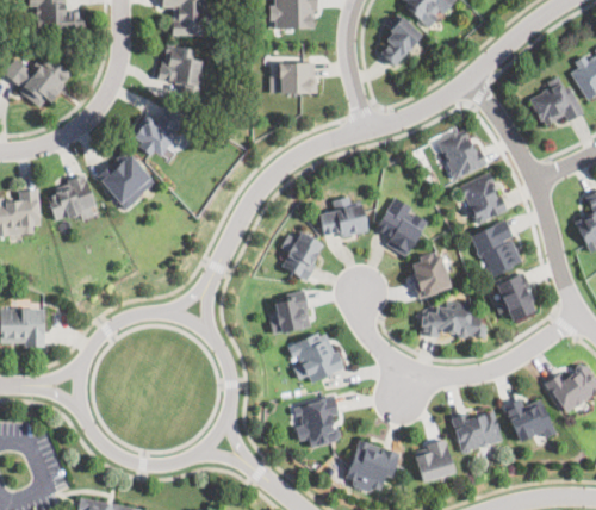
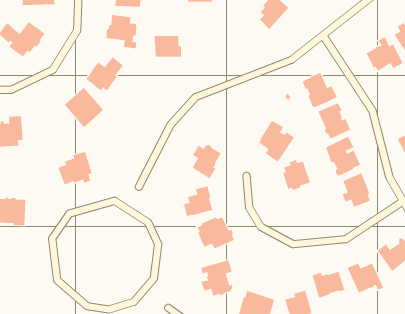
building: [277,63,317,94] -> [153,36,182,57]
building: [45,174,95,222] -> [58,152,93,185]
building: [319,195,368,238] -> none
building: [420,301,486,338] -> none

